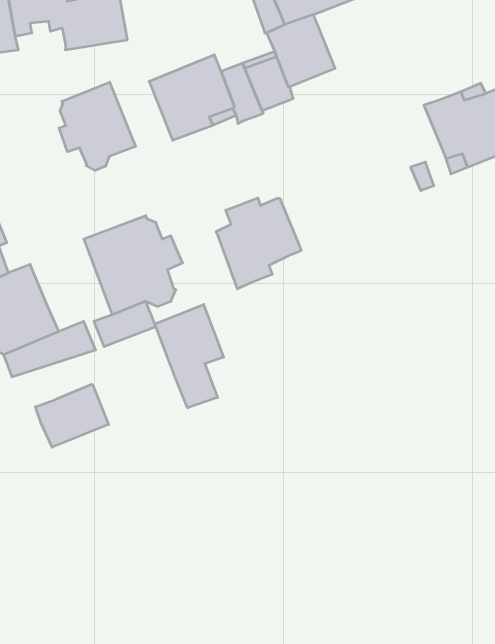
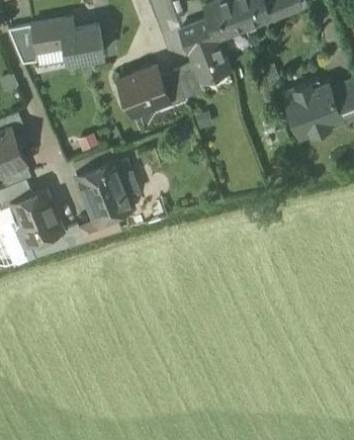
building: [59,82,135,170] -> none
building: [216,198,301,289] -> none
building: [155,304,224,408] -> none
building: [35,384,109,447] -> none

